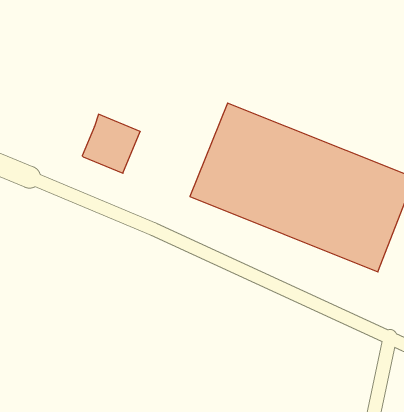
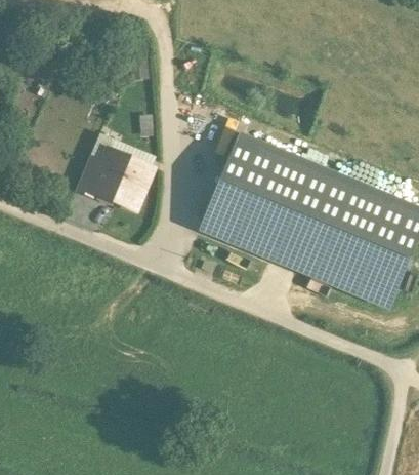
building: none -> [75,154,104,195]

